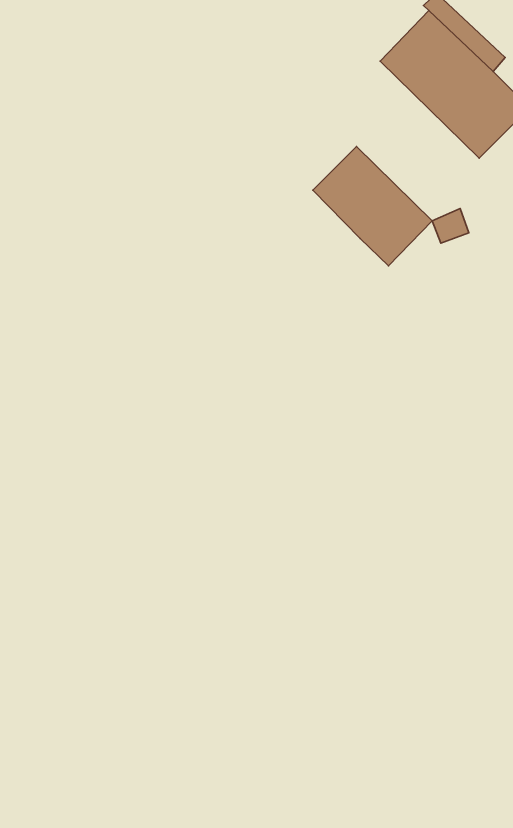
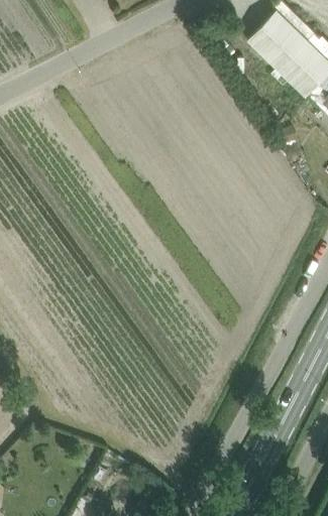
building: [313,146,432,266] -> none

